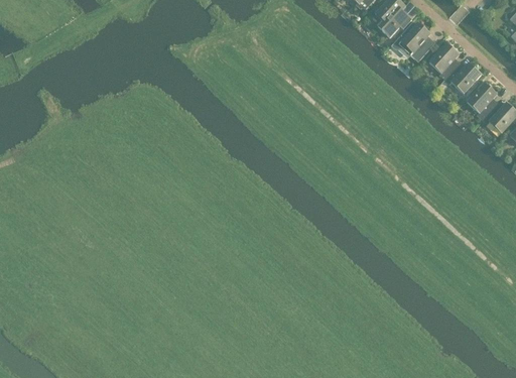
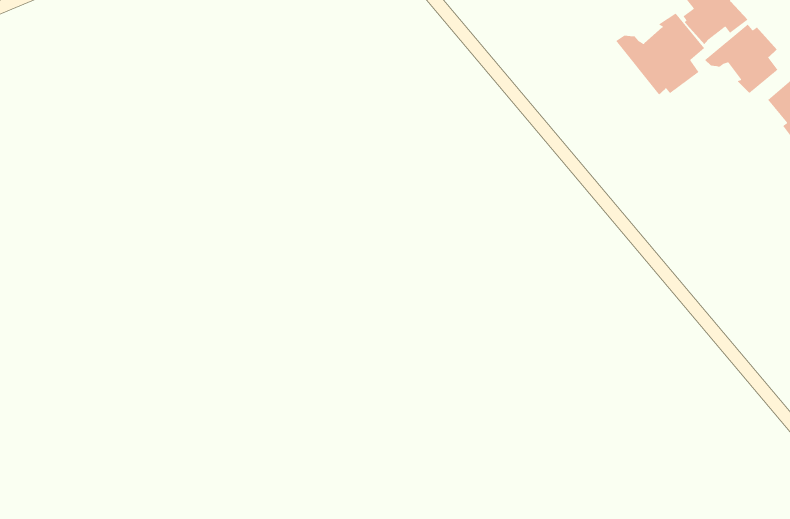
building: none -> [615,13,705,95]

